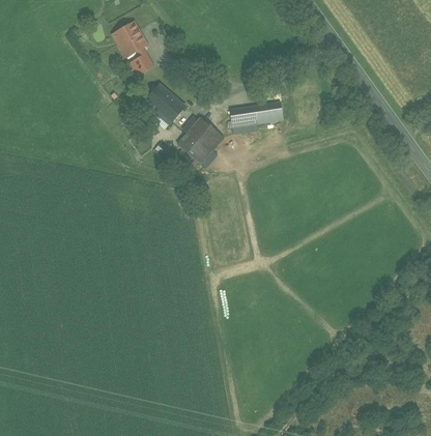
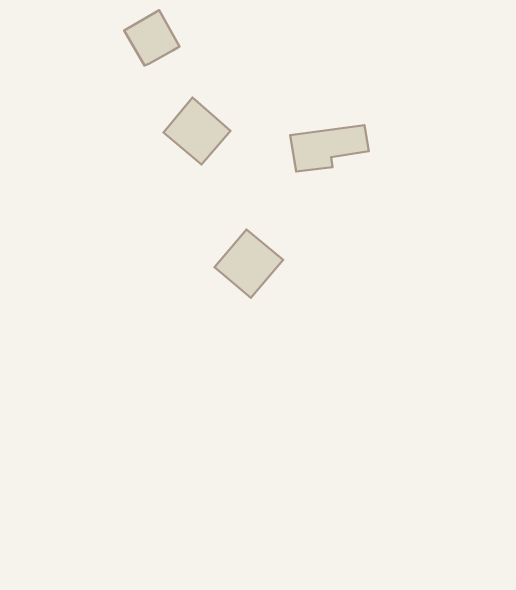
building: [128,48,155,76] -> none
building: [176,116,225,165] -> [215,229,283,298]

